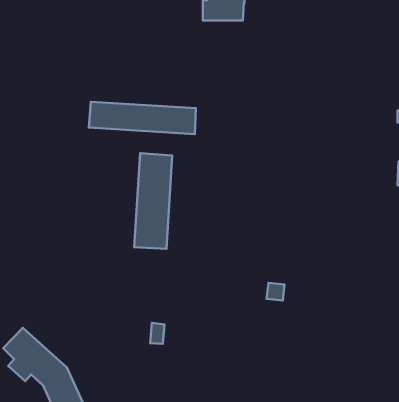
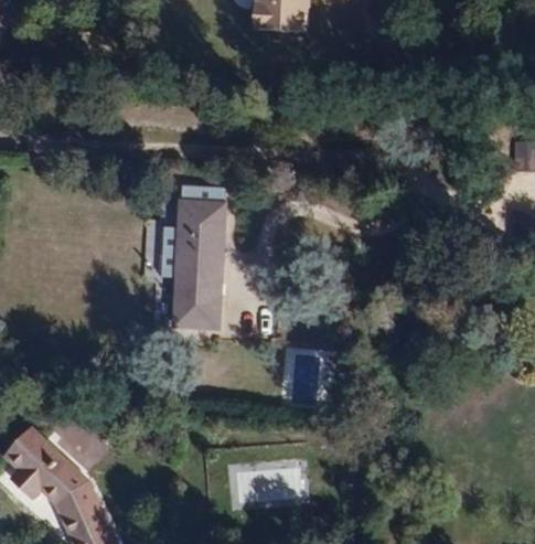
building: [89,102,196,134] -> none

